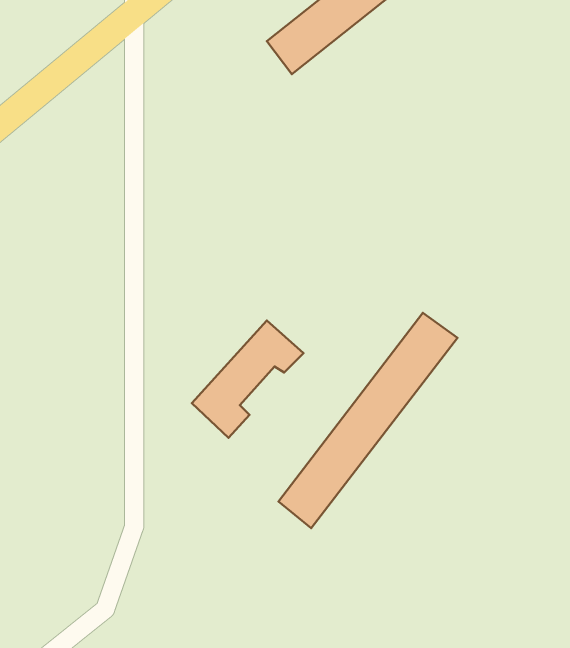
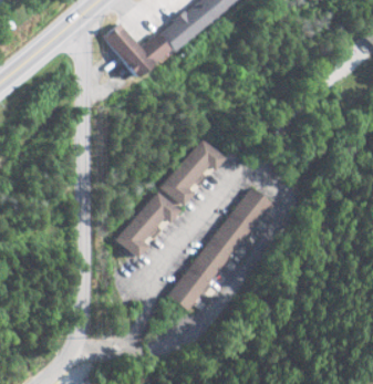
building: none -> [104,23,172,79]
building: none -> [160,139,225,207]

